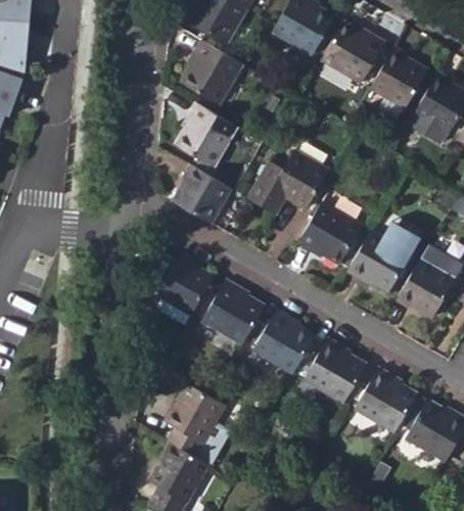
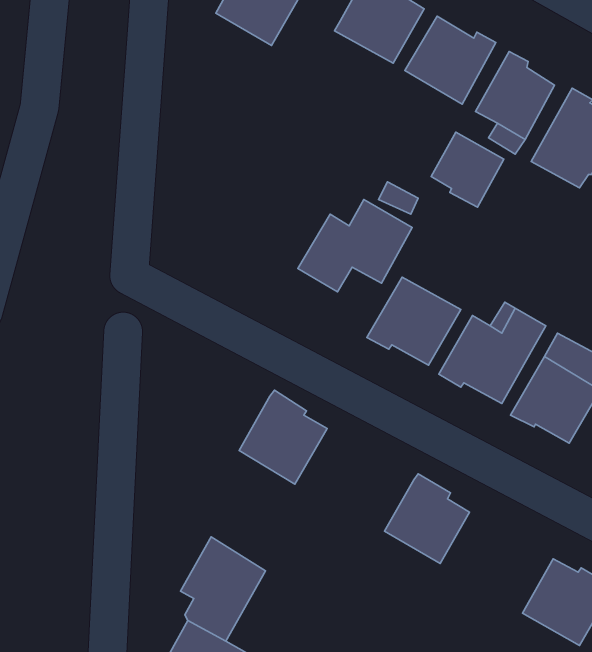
building: [174,37,236,102] -> none
building: [174,102,235,167] -> none
building: none -> [431,132,504,207]
building: [174,167,233,226] -> none
building: [158,257,216,319] -> none
building: [256,312,317,377] -> none
building: [355,368,416,433] -> none

